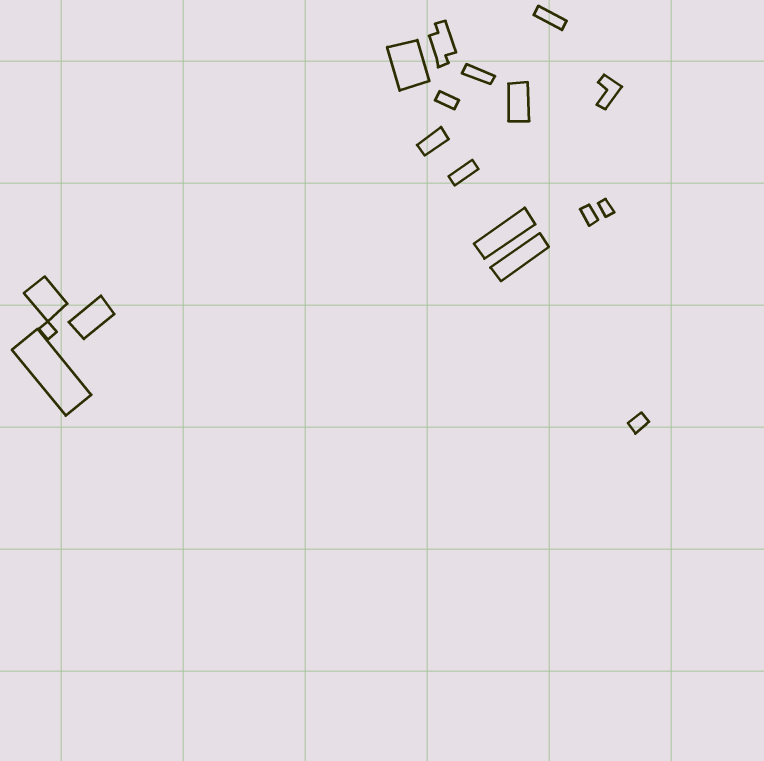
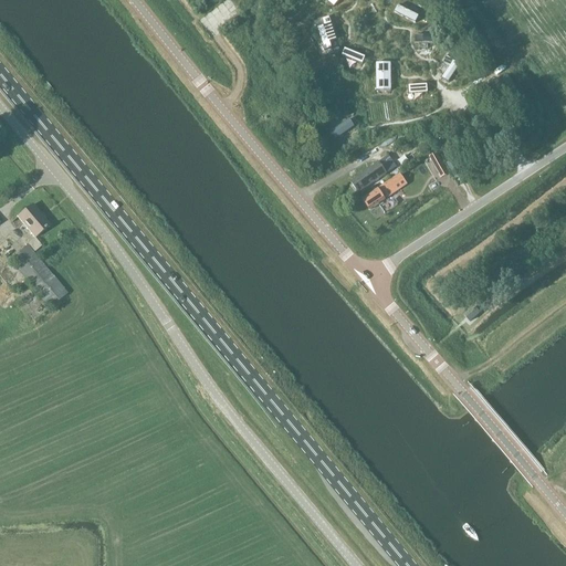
building: [387,40,429,91] -> none
building: [69,296,114,339] -> none

